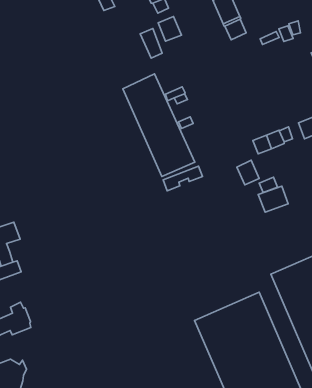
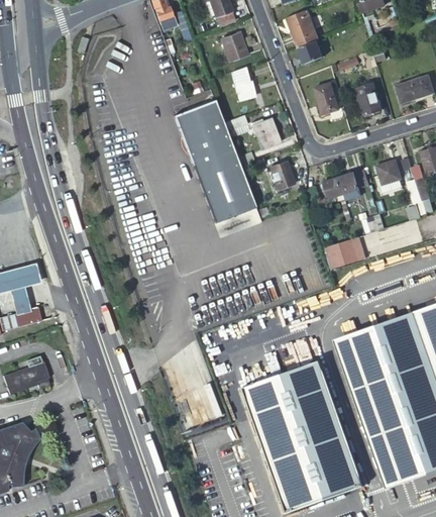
building: [140,29,162,58] -> [230,67,254,101]
building: none -> [357,83,382,115]
building: none -> [315,82,339,113]
building: none -> [252,118,280,149]
building: [237,160,259,185] -> [269,162,295,190]

